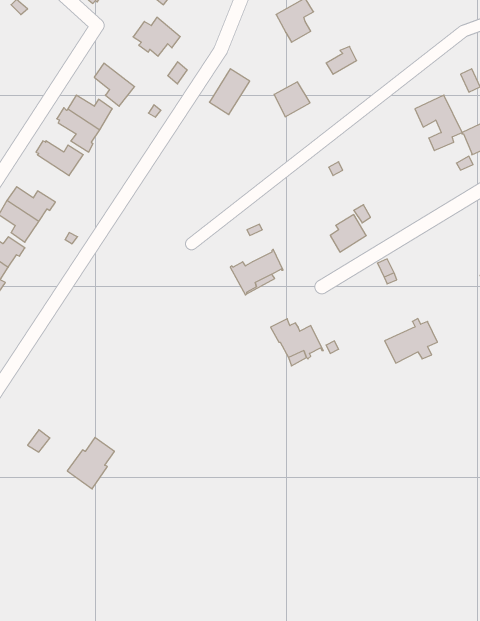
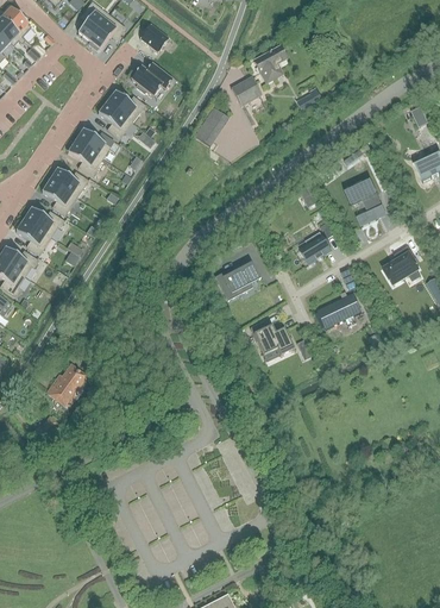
building: none -> [106,90,145,121]
building: [274,82,310,117] -> [231,75,262,105]
building: [415,95,462,151] -> [344,177,384,225]
building: none -> [40,180,76,215]
building: none -> [383,245,417,283]
building: [385,319,437,363] -> [316,290,362,328]
building: [67,437,114,489] -> [45,363,86,407]

